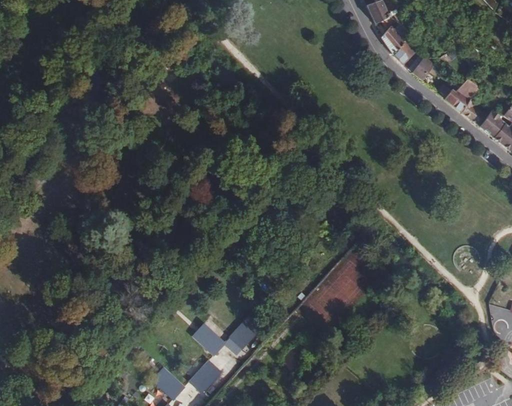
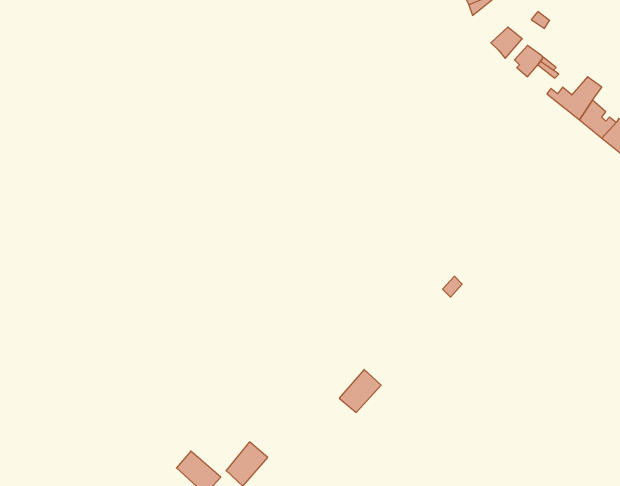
building: [382,26,408,53] -> none
building: [230,315,262,348] -> [339,369,381,412]
building: [192,322,226,355] -> none

